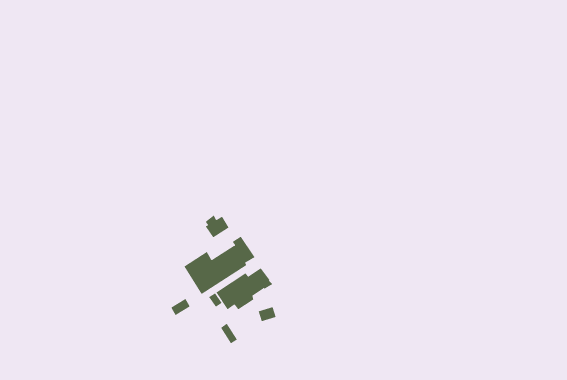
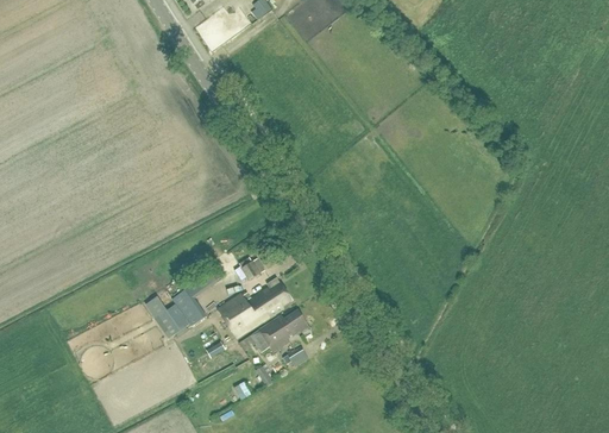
building: none -> [164,287,208,330]

